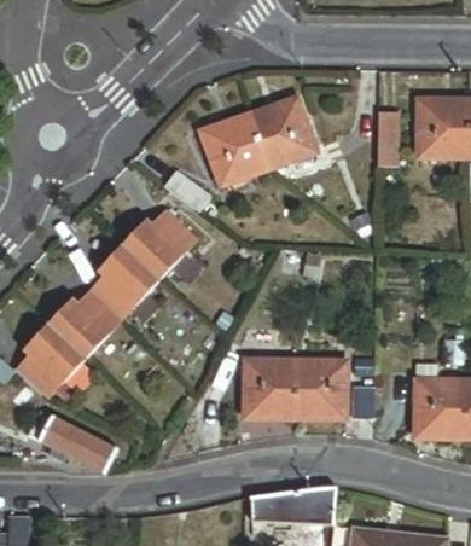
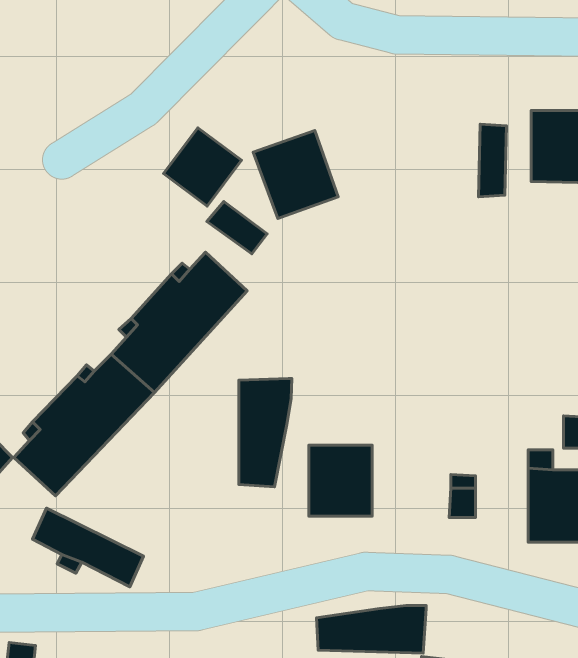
building: [249,97,315,165] -> none
building: none -> [163,128,241,206]
building: none -> [239,379,292,487]
building: [293,360,344,417] -> none

